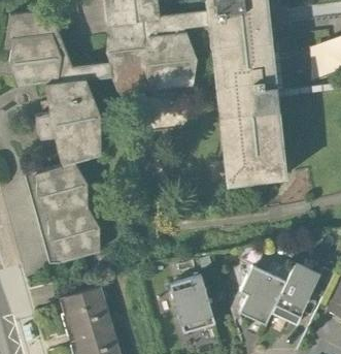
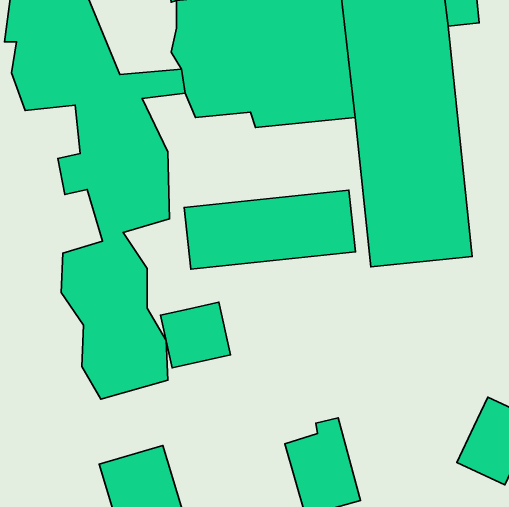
building: none -> [184,190,355,269]
building: none -> [161,302,230,368]
building: [240,264,285,322] -> none

